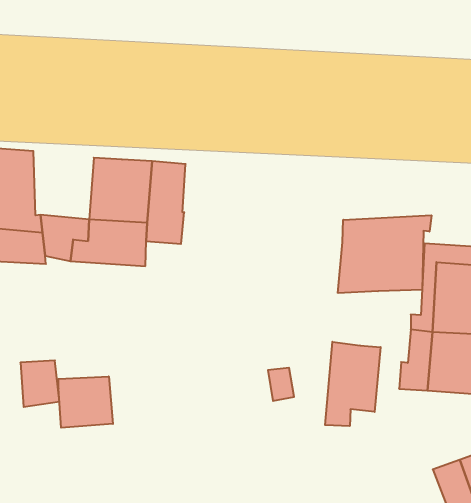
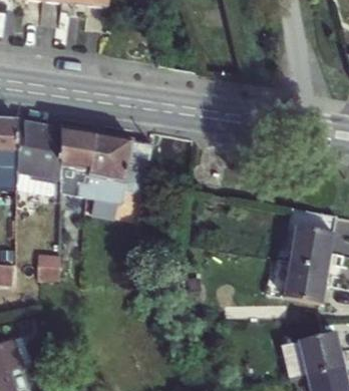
building: none -> [57,126,96,171]
building: [338,215,431,293] -> none
building: [325,342,381,426] -> none
building: [58,376,113,428] -> none

